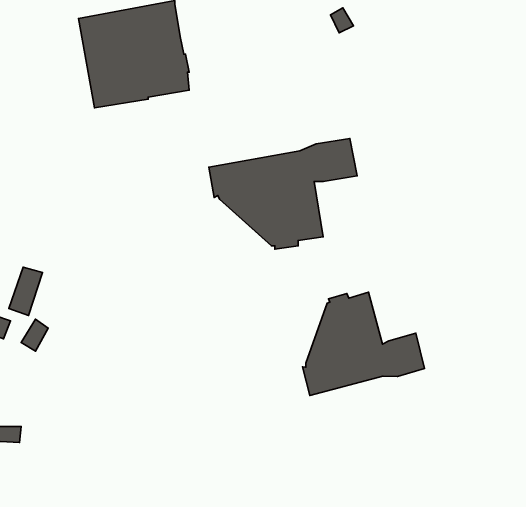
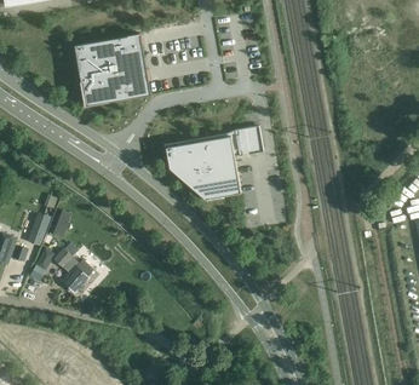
building: [303,292,424,395] -> none
building: none -> [54,249,94,293]

